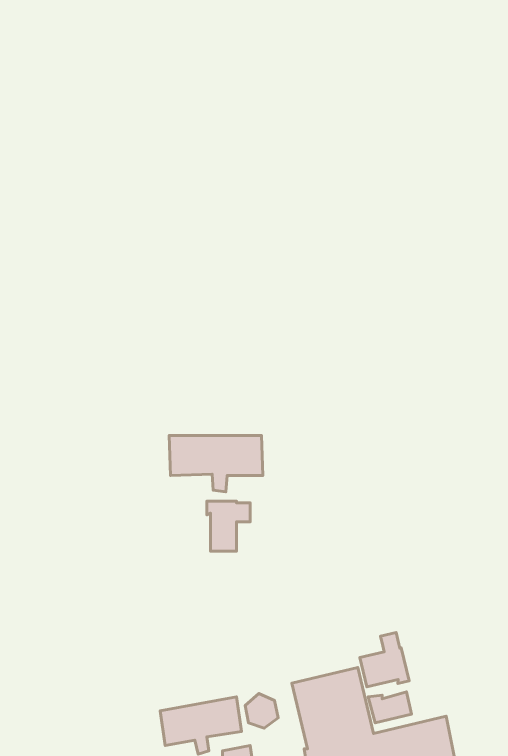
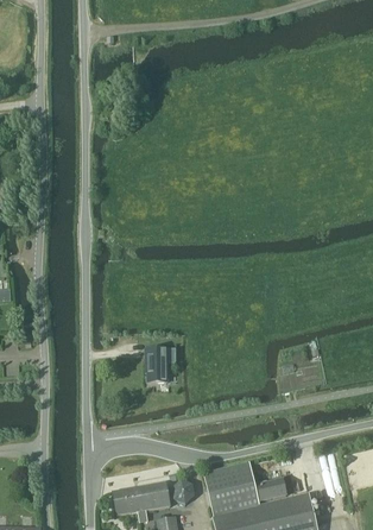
building: [169,436,263,492] -> none
building: [360,633,409,687] -> none

